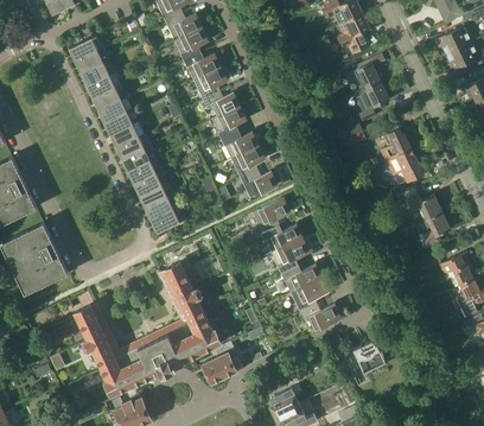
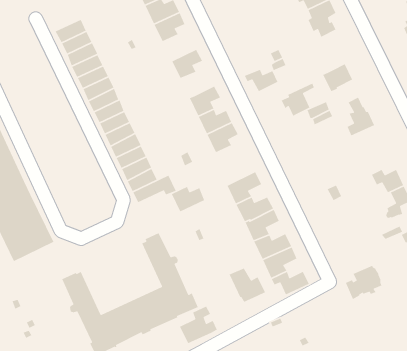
building: [184,51,221,80] -> none
building: [348,55,384,91] -> [281,82,315,117]
building: [203,91,240,116] -> [244,69,278,92]
building: [386,148,425,183] -> none
building: [241,170,278,198] -> [171,186,205,213]
building: none -> [229,267,266,303]
building: [345,338,386,376] -> [345,265,382,300]

